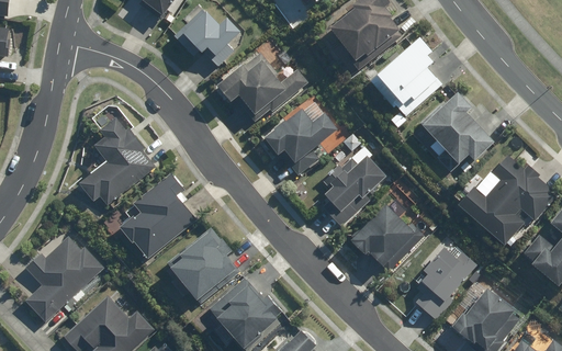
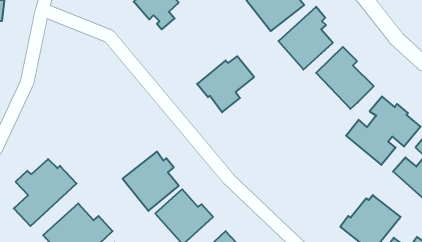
building: [216,53,306,120] -> none
building: [79,117,154,205] -> none
building: [321,145,386,226] -> none
building: [117,171,195,260] -> none
building: [349,205,425,273] -> none
building: [413,240,476,321] -> none

